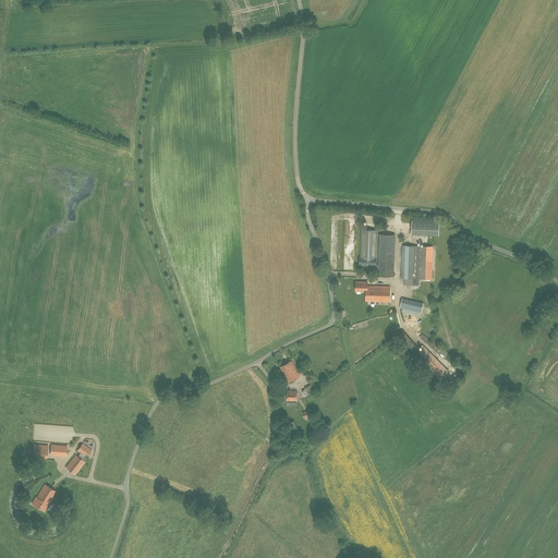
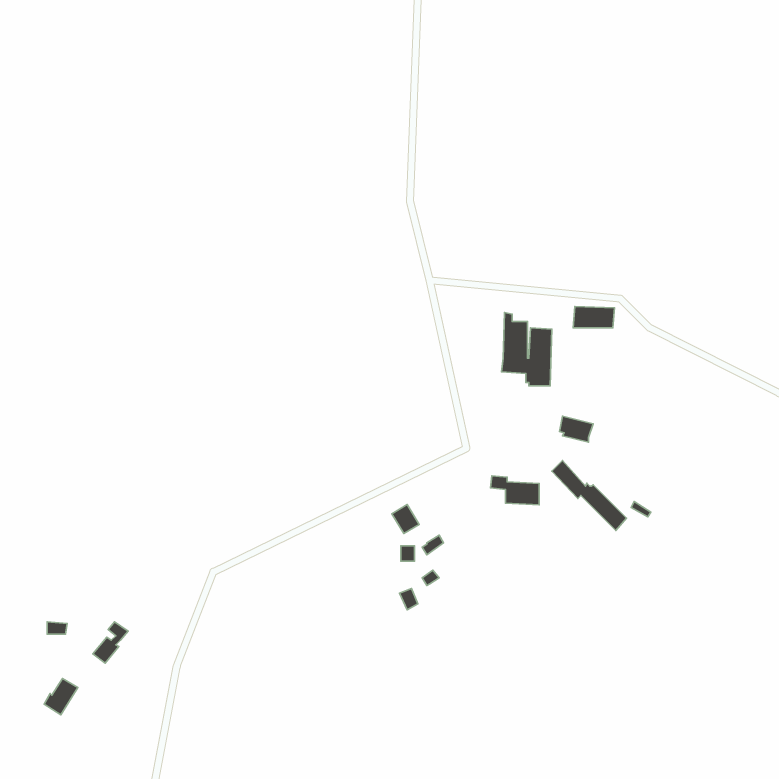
building: [401,245,433,284] -> none
building: [355,281,390,302] -> [490,476,539,505]

